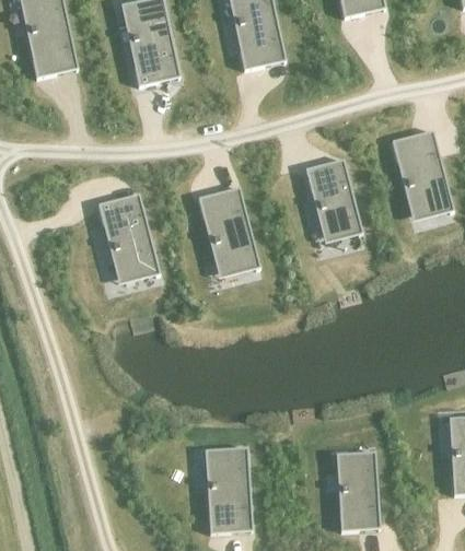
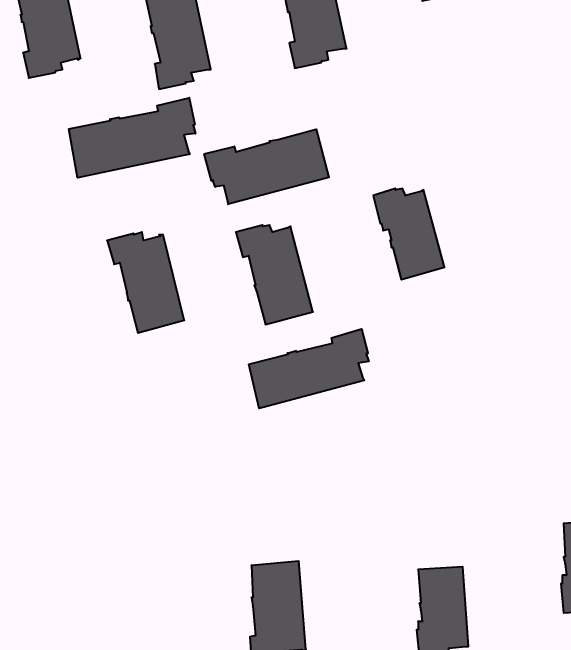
building: none -> [69,98,195,178]
building: none -> [204,129,329,204]
building: [390,136,450,213] -> none
building: none -> [249,329,369,408]

